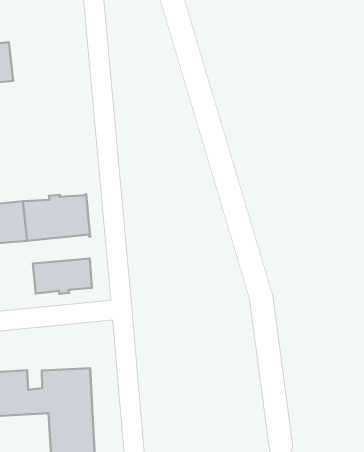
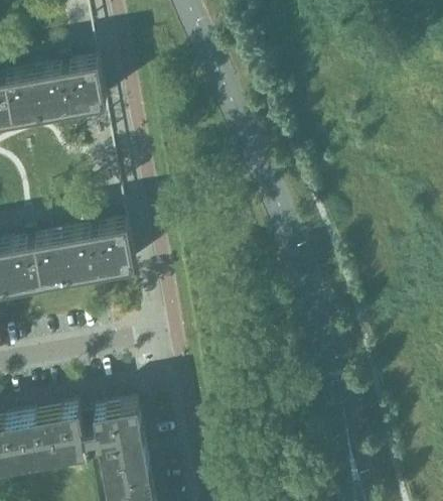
building: none -> [26,65,98,117]
building: [33,258,92,294] -> none

